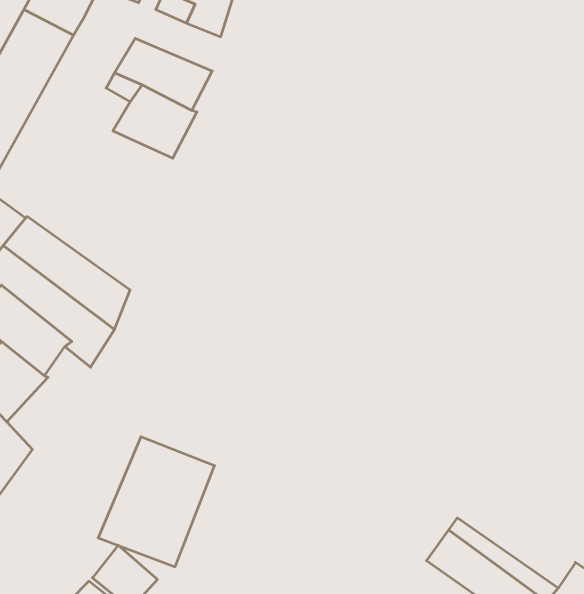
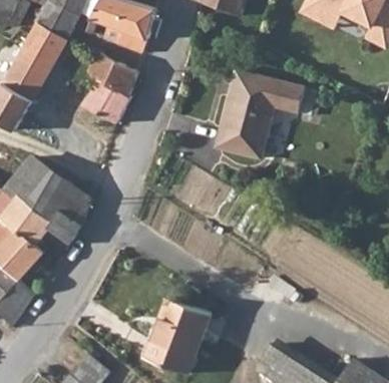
building: none -> [215,69,305,159]
building: [98,437,215,567] -> [142,300,211,376]

